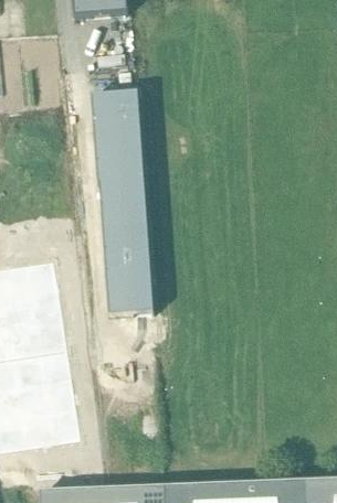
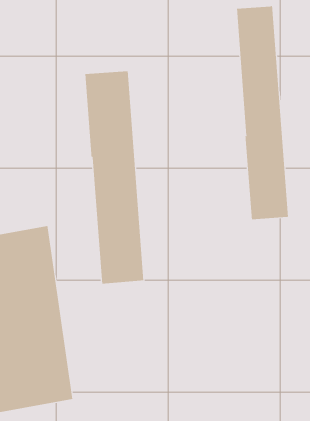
building: none -> [236,5,288,220]

